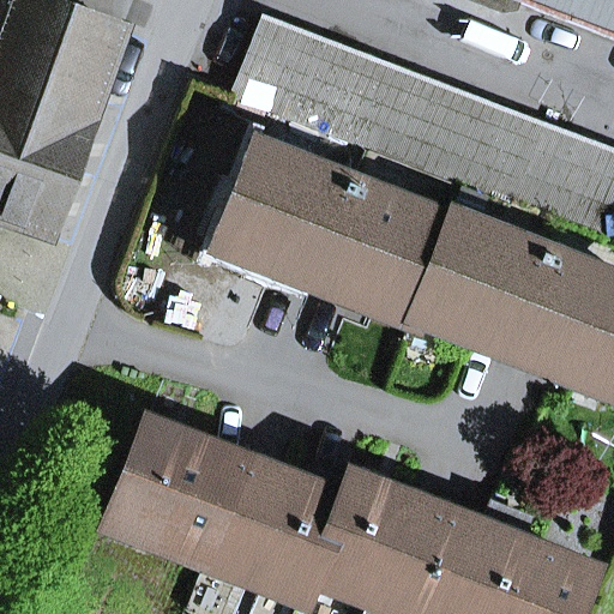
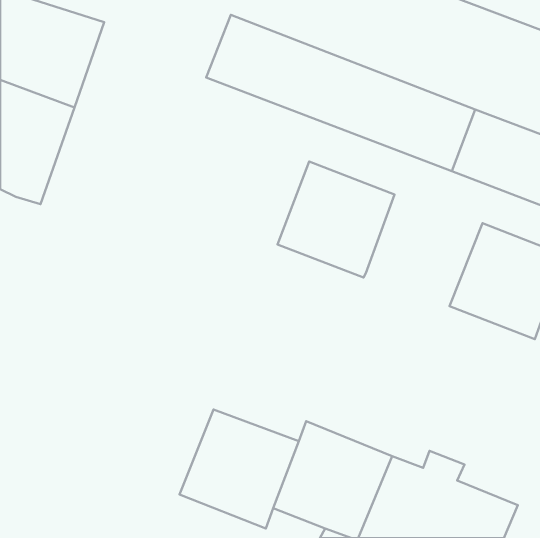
building: [219,144,353,276] -> none
building: [416,213,548,345] -> none
building: [110,422,245,558] -> none

